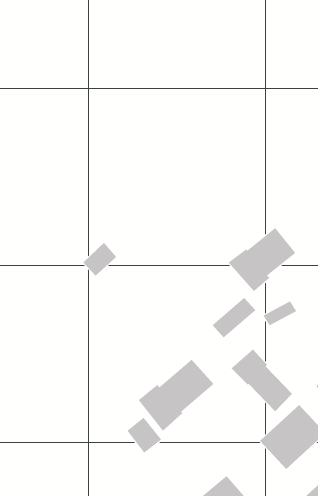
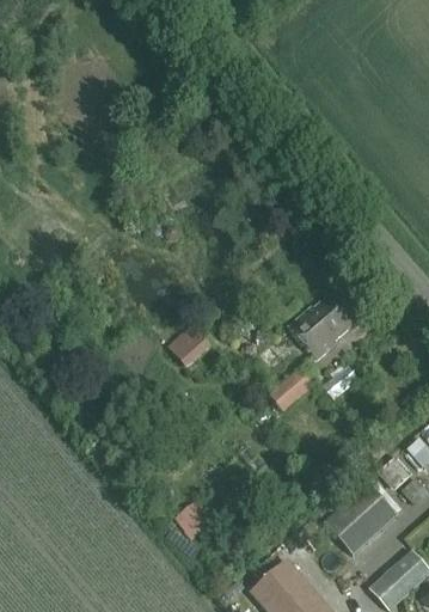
building: [83,242,117,276] -> [173,329,212,367]
building: [231,348,293,412] -> none
building: [138,359,214,431] -> none

